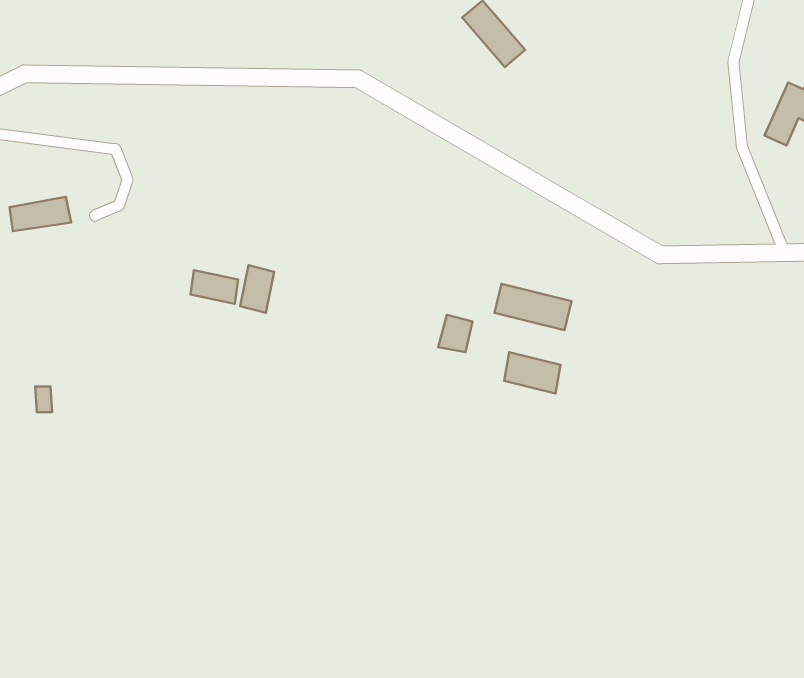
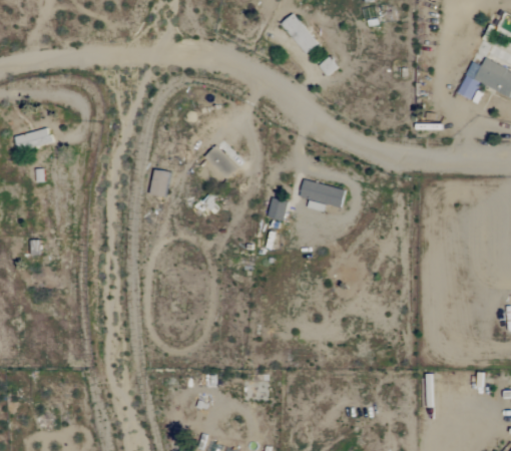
building: none -> [204,146,237,178]
building: [190,270,238,304] -> none
building: [504,352,561,393] -> none

